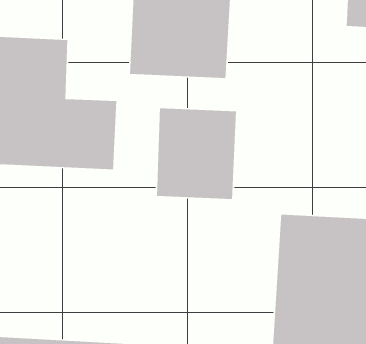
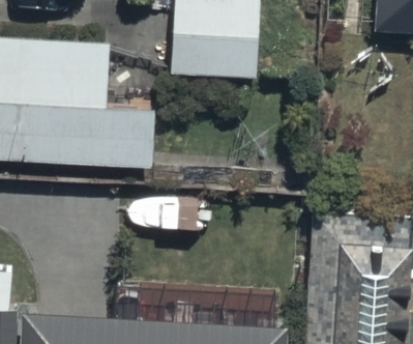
building: [156,107,237,200] -> none

